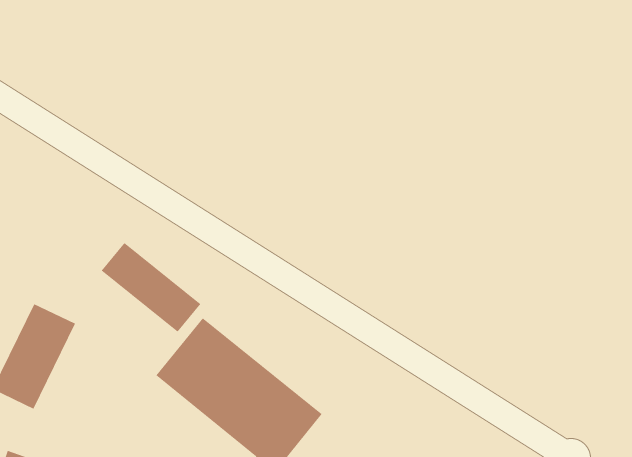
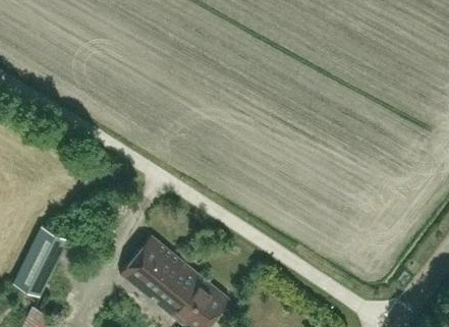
building: [101,242,201,332] -> none

